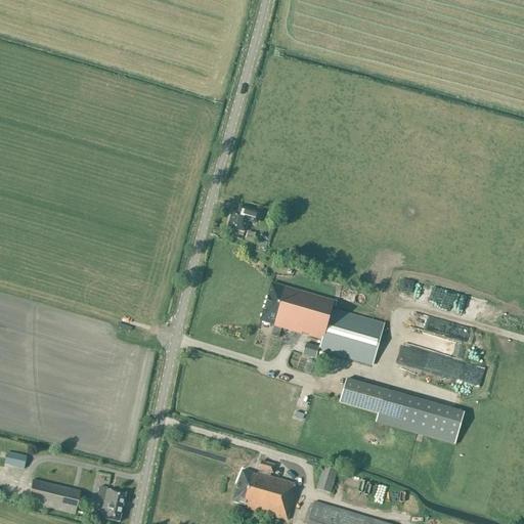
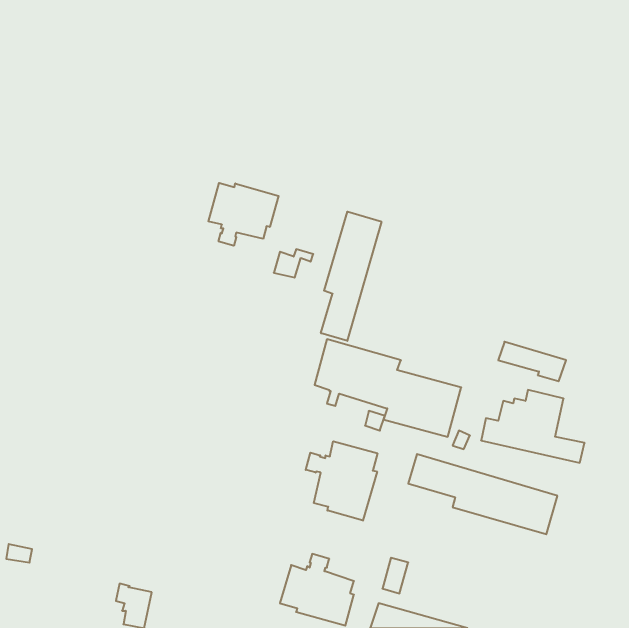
building: none -> [208,183,279,246]
building: none -> [321,212,381,341]
building: none -> [306,441,377,521]
building: [28,479,80,513] -> none

